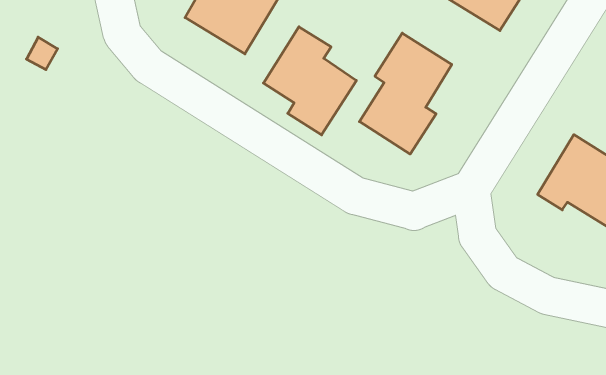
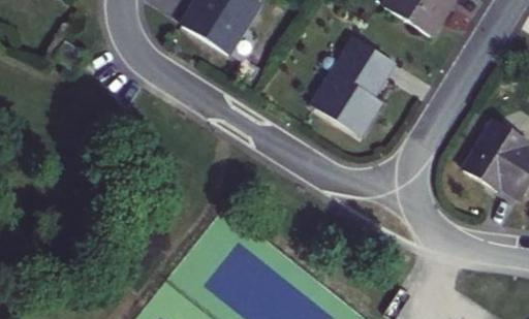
building: [263,27,356,135] -> none

